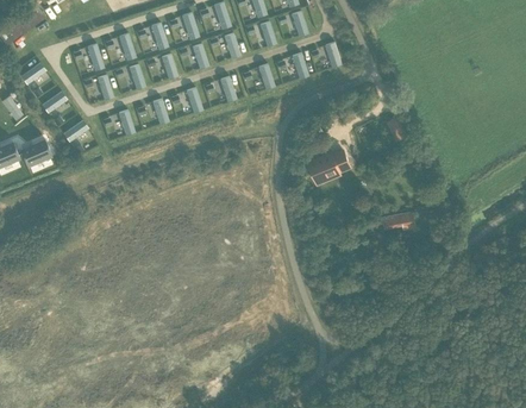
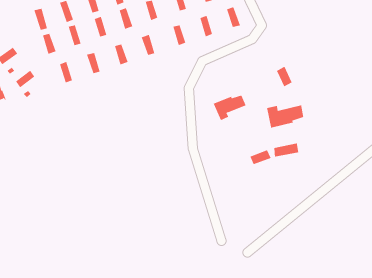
building: none -> [267,105,304,128]

